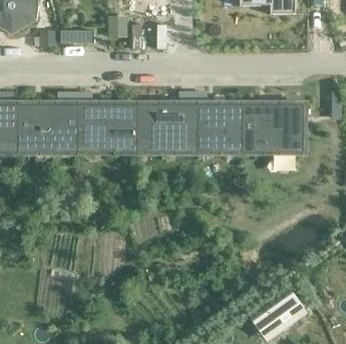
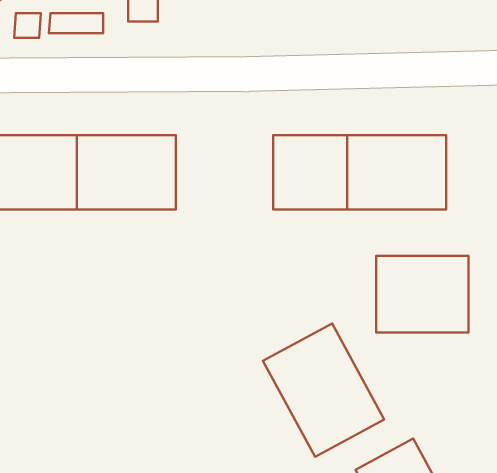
building: [137,105,197,150] -> none
building: none -> [376,256,469,332]
building: none -> [263,323,384,457]

